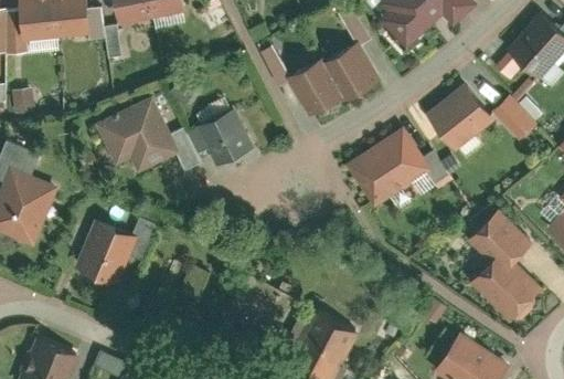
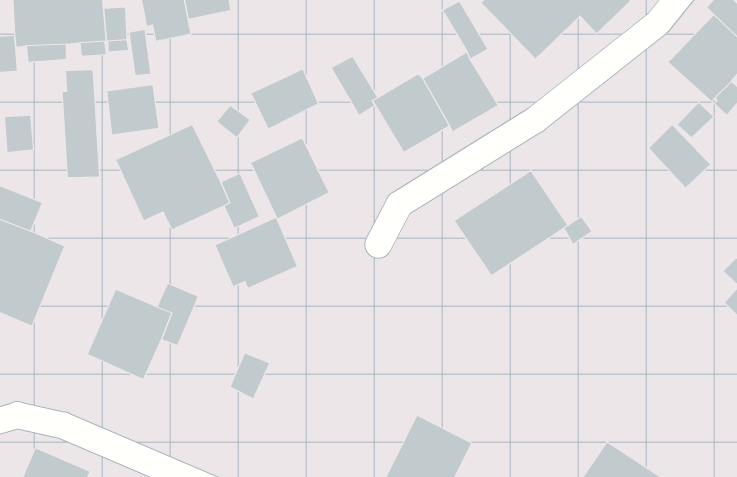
building: none -> [251,69,319,129]
building: none -> [62,70,99,178]
building: none -> [107,85,159,135]
building: [428,85,494,151] -> none
building: none -> [215,217,298,289]
building: [467,209,542,320] -> none

